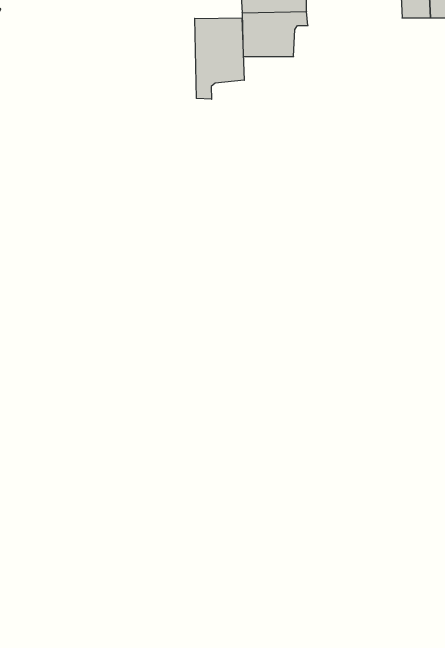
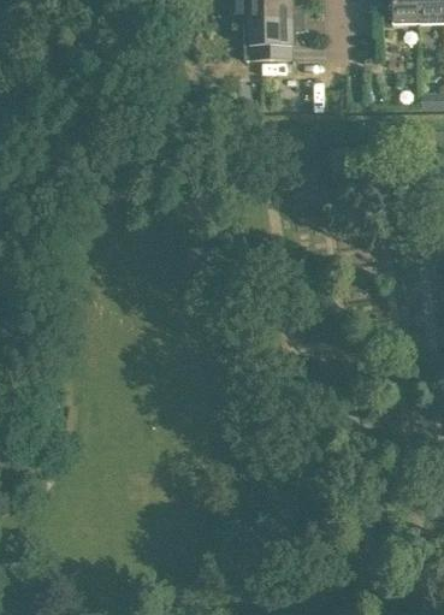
building: [195,18,244,99] -> none

